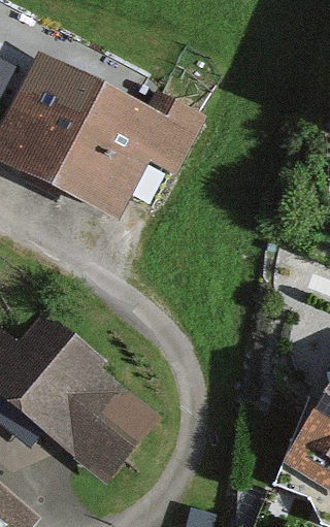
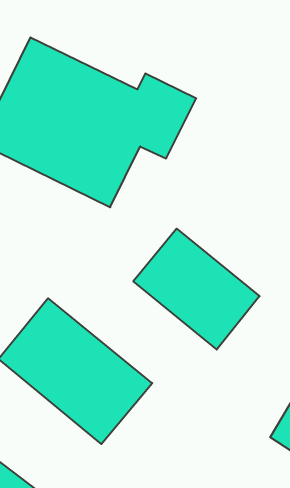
building: none -> [133,229,260,350]

